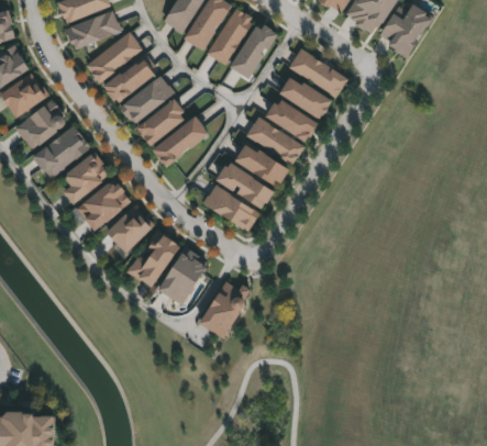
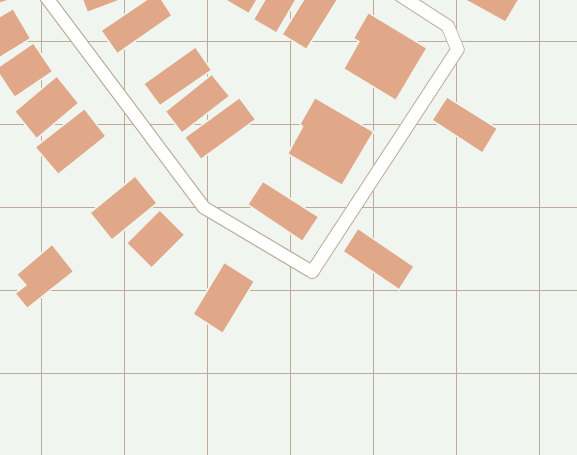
building: [103,58,155,103] -> none
building: [265,98,318,143] -> [432,97,498,153]
building: [63,153,110,204] -> [15,244,74,309]
building: [217,161,274,211] -> [343,228,414,290]
building: [126,231,180,289] -> none
building: [199,281,248,339] -> none

